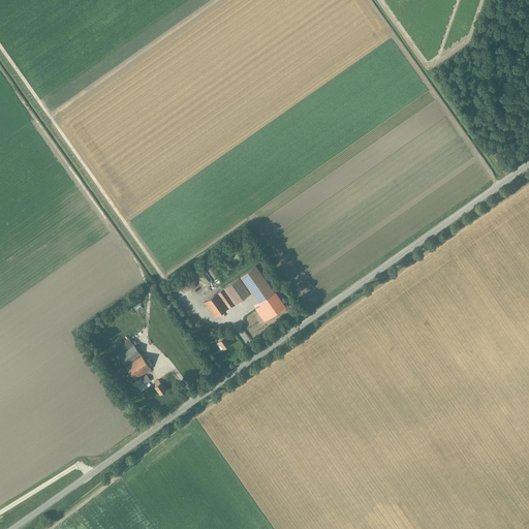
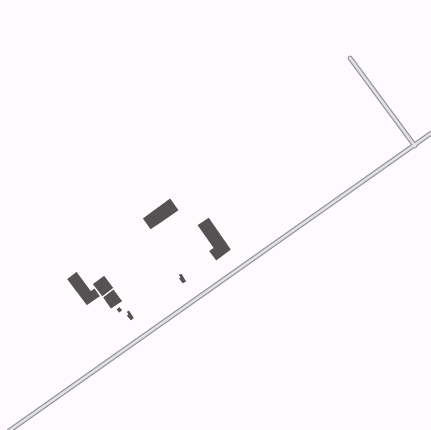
building: [204,278,250,318] -> [142,197,180,230]
building: none -> [66,271,101,306]

